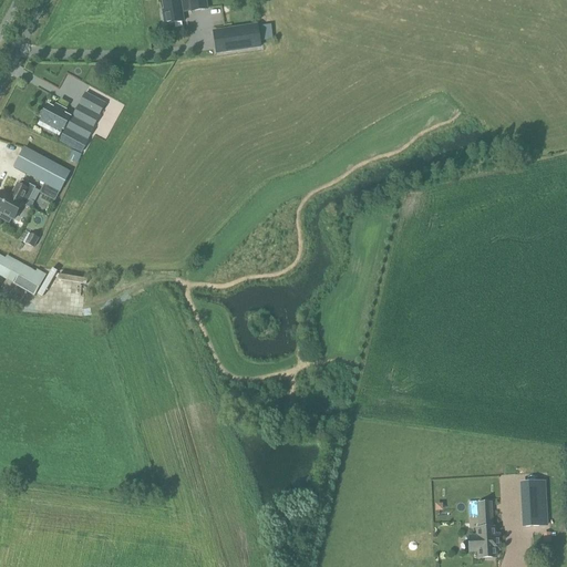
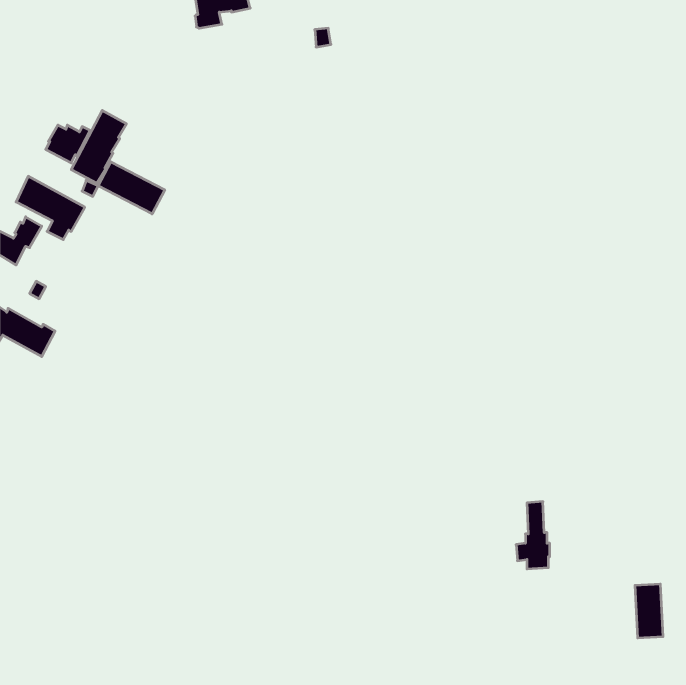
building: [213,23,259,52] -> none
building: none -> [98,162,165,214]
building: [468,501,496,556] -> [516,502,550,569]

